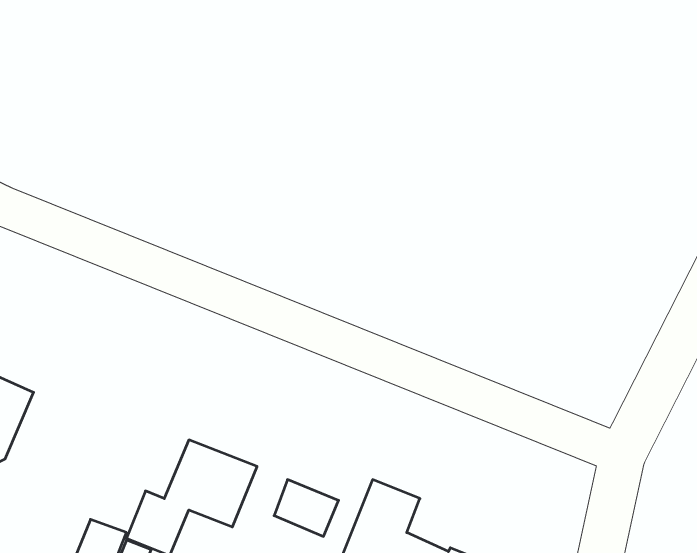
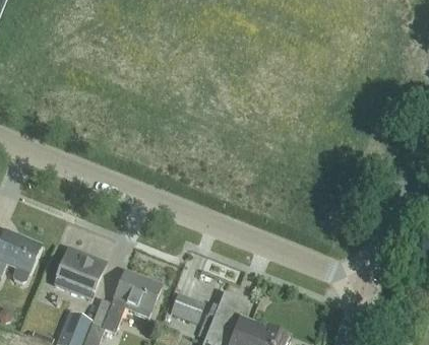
building: none -> [54,248,105,297]

